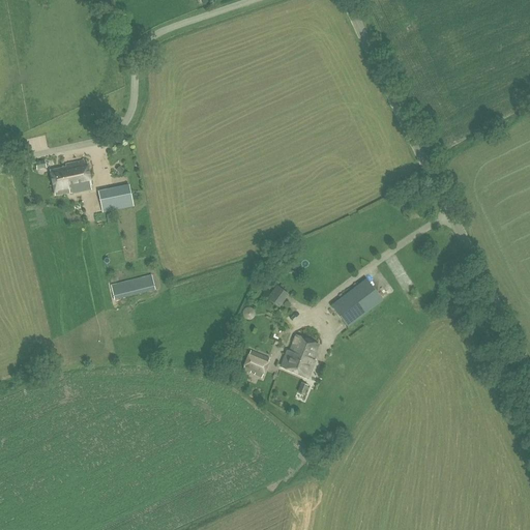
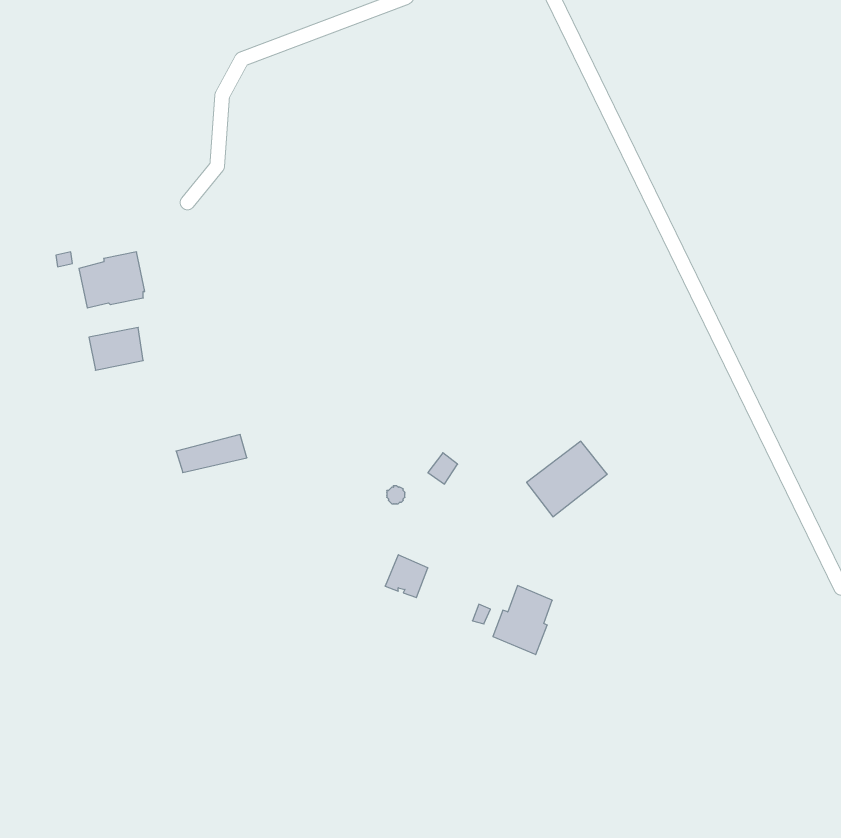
building: [98,183,132,210] -> [89,327,143,370]
building: [281,333,318,377] -> [493,586,552,655]

